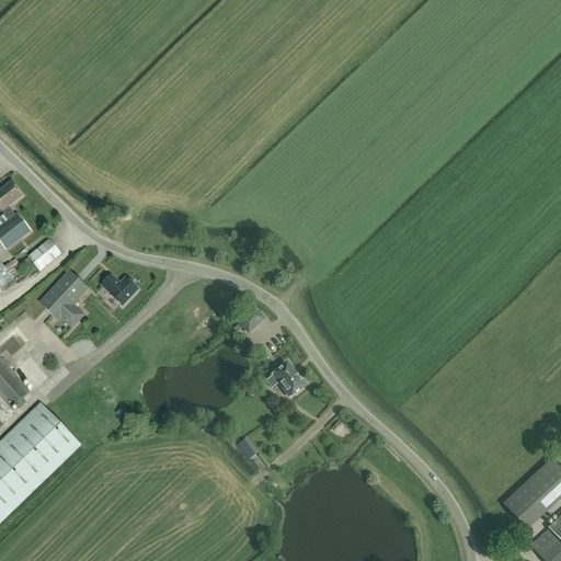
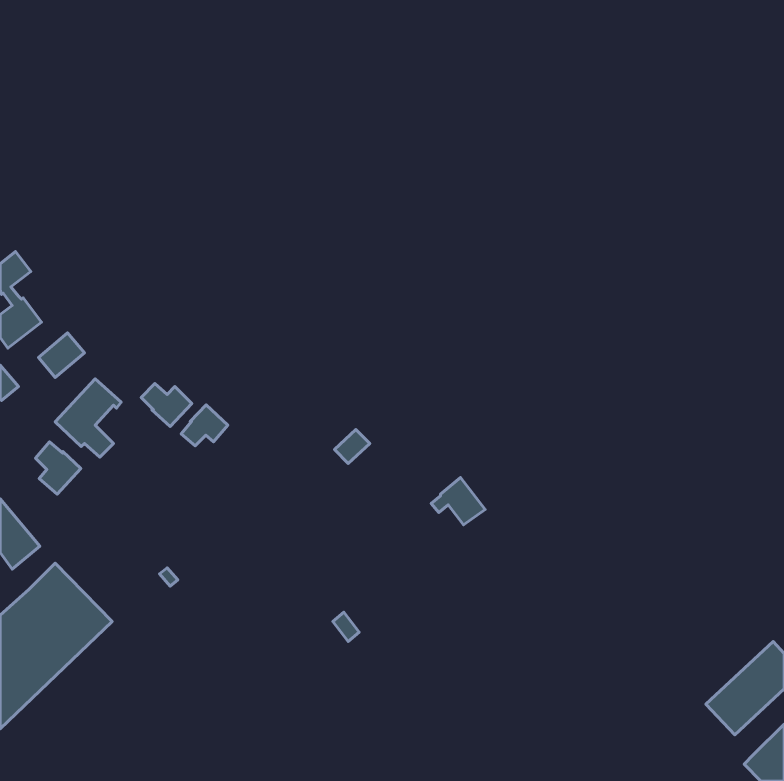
building: none -> [181,405,228,446]
building: none -> [35,442,81,494]
building: [266,362,305,396] -> [431,477,485,525]

